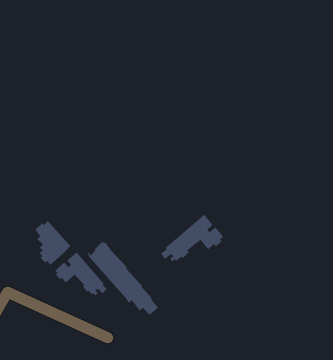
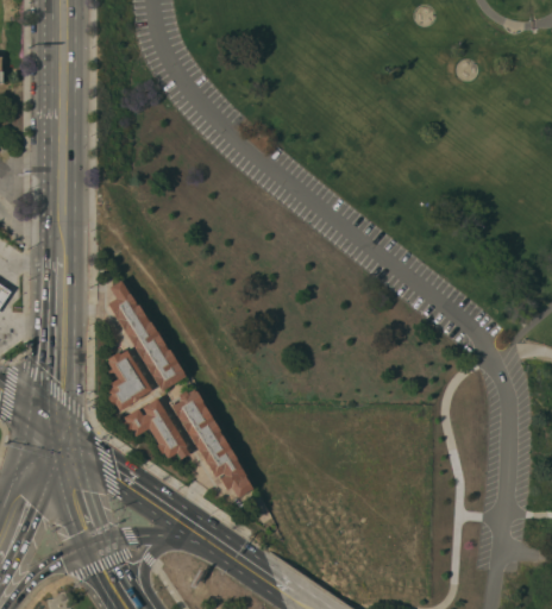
building: none -> [108,280,186,390]
building: [160,214,224,263] -> none

